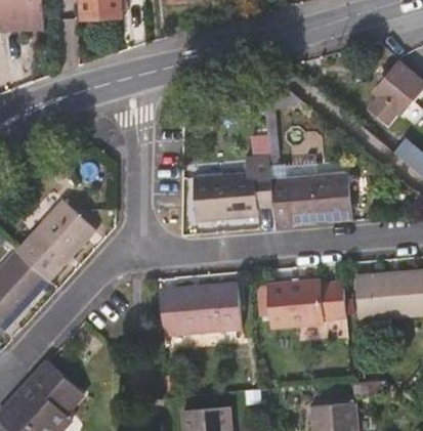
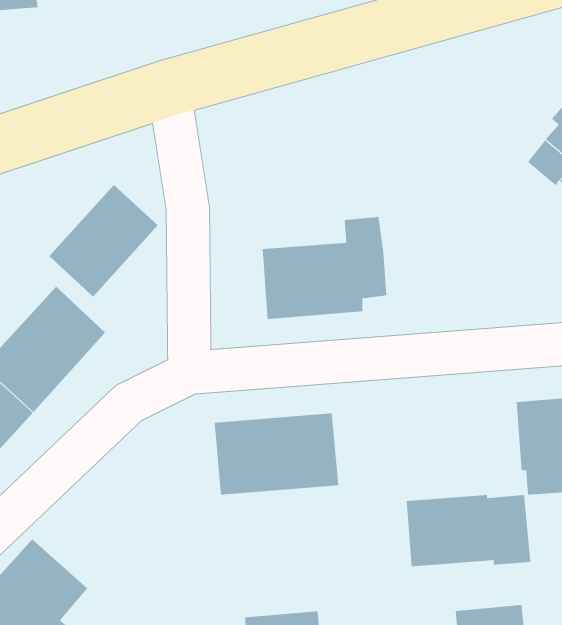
building: none -> [49,184,159,297]
building: [268,174,348,228] -> none
building: [264,282,344,328] -> [406,494,531,567]

